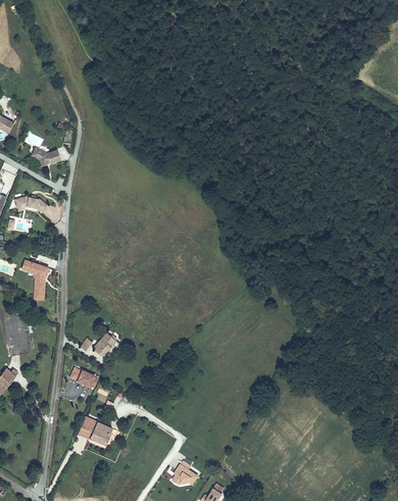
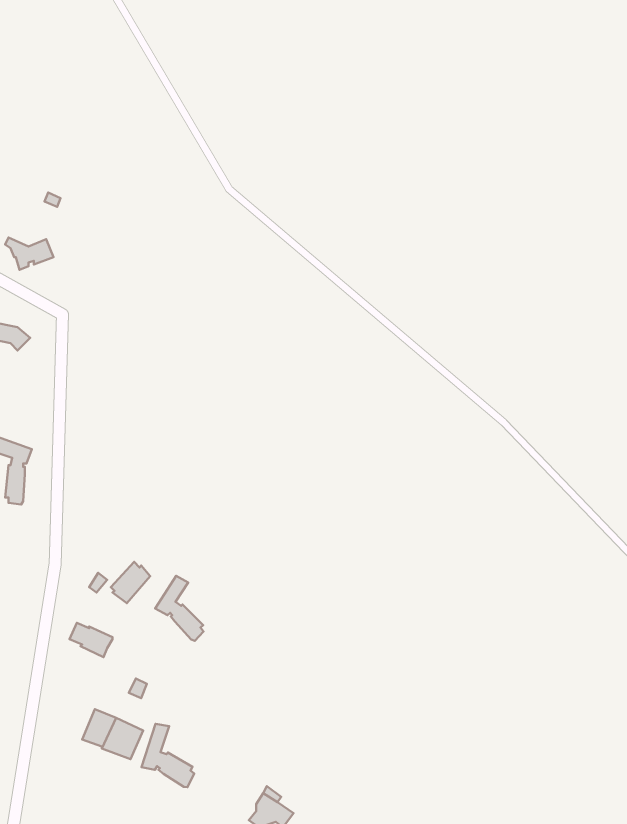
building: none -> [155,576,203,641]
building: none -> [141,724,194,787]

